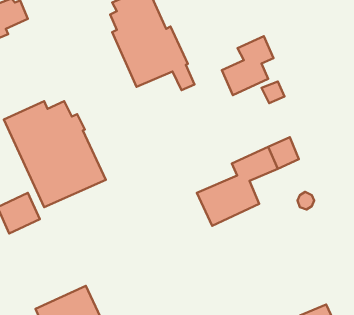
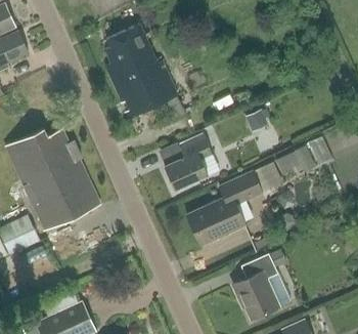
building: [222,36,274,95] -> [165,133,213,189]
building: none -> [276,145,316,172]
building: none -> [235,253,279,319]

